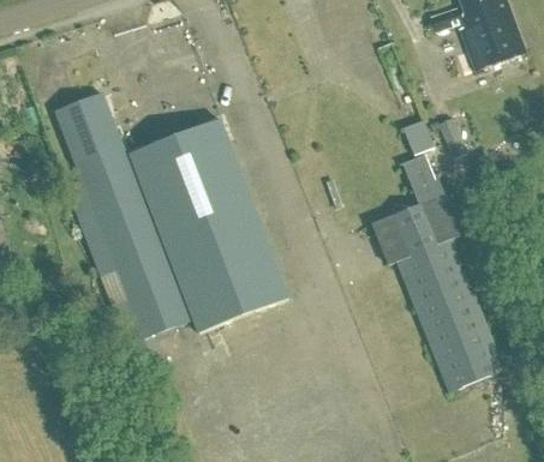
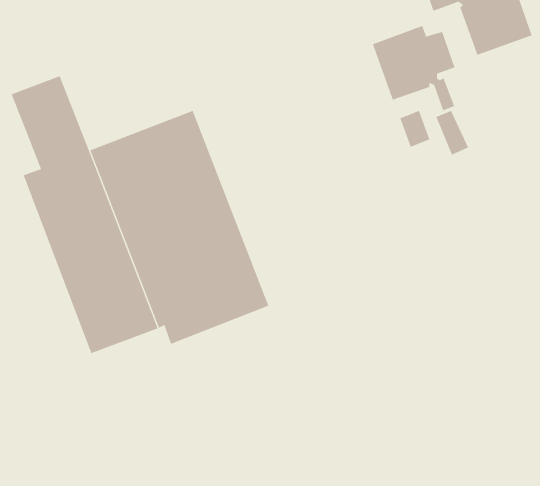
building: none -> [372,25,455,111]
building: [372,149,504,391] -> none

